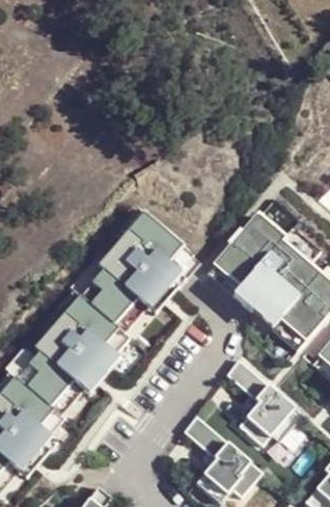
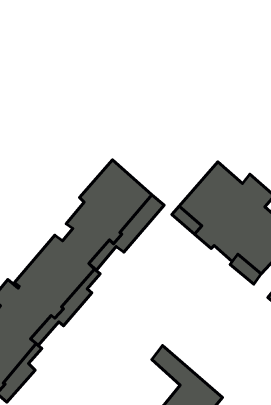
building: [226,358,303,446] -> none

